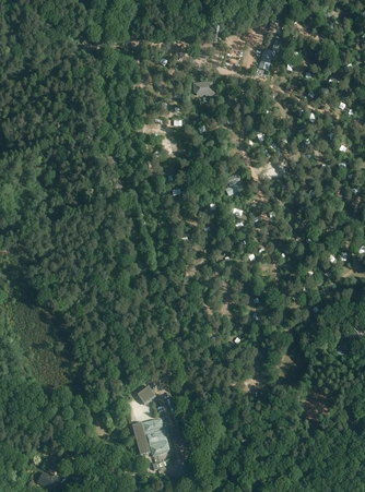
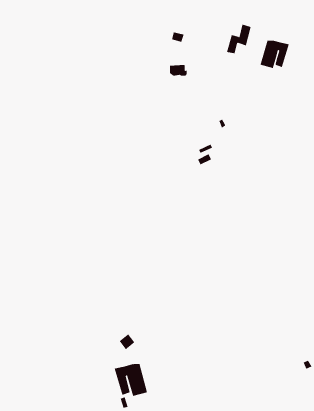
building: none -> [260,40,289,69]

